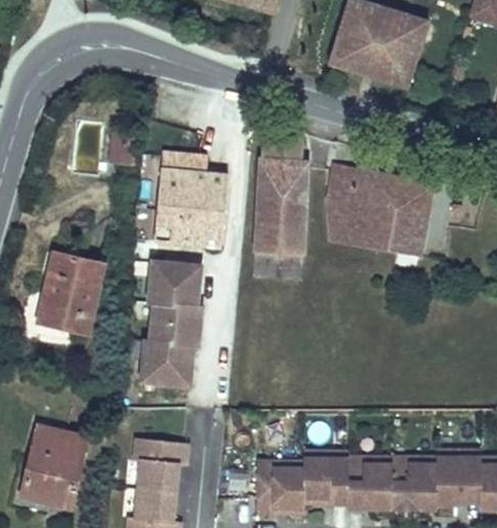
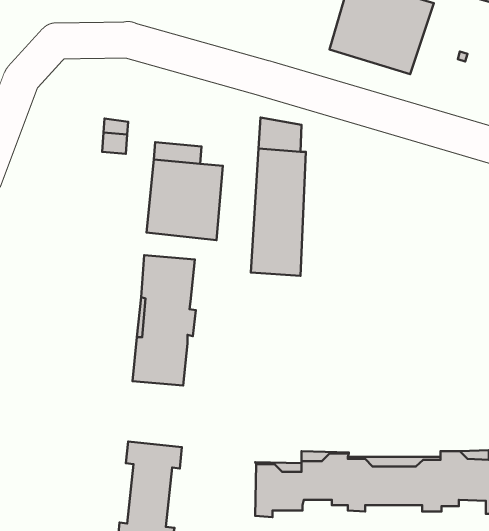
building: [328,167,432,257] -> none
building: [38,254,103,334] -> none
building: [21,427,87,507] -> none

